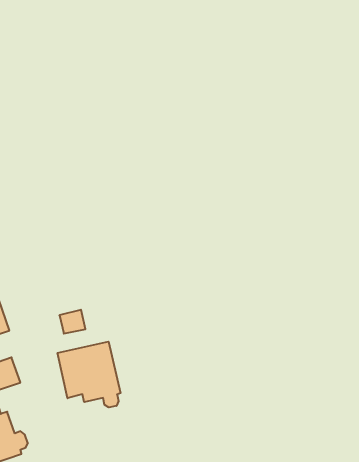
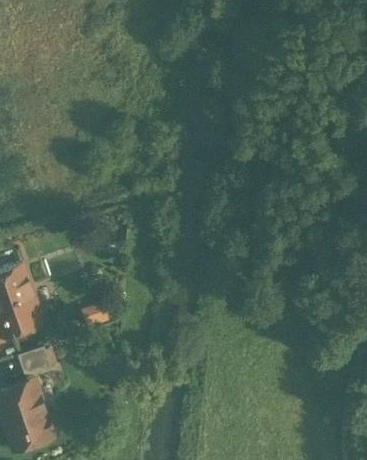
building: [58,342,121,407] -> none

